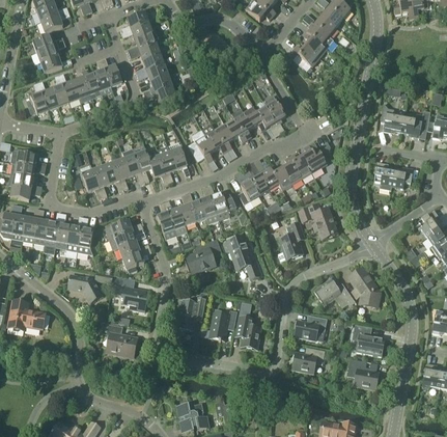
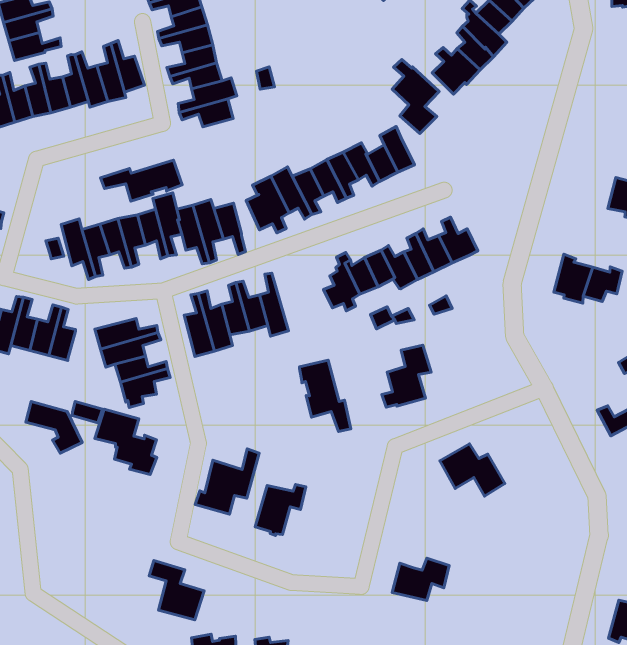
building: none -> [392,59,439,133]
building: [381,104,404,133] -> none
building: none -> [100,160,182,201]
building: [206,185,236,220] -> none
building: [298,203,338,239] -> none
building: [186,239,222,274] -> none
building: [348,268,380,303] -> none
building: [295,316,327,340] -> none
building: [235,317,260,349] -> none
building: [102,323,135,356] -> [149,560,204,620]
building: [353,325,384,355] -> none
building: [345,358,378,389] -> none

